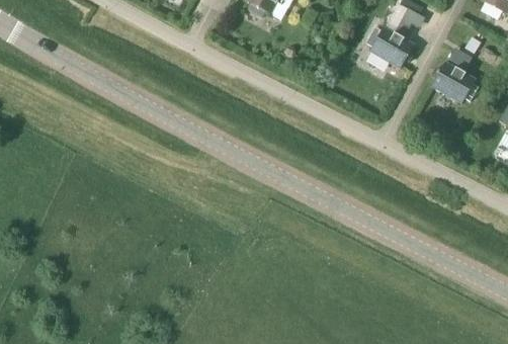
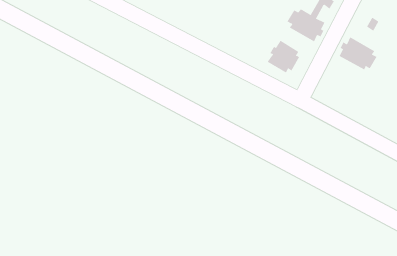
building: none -> [267,40,300,73]

